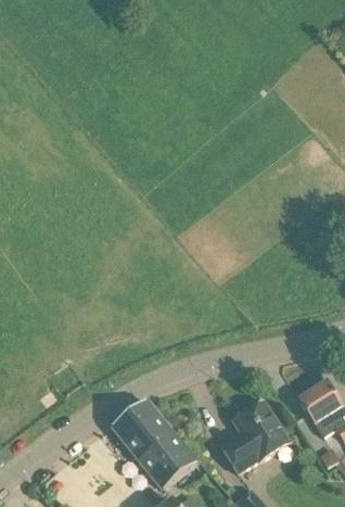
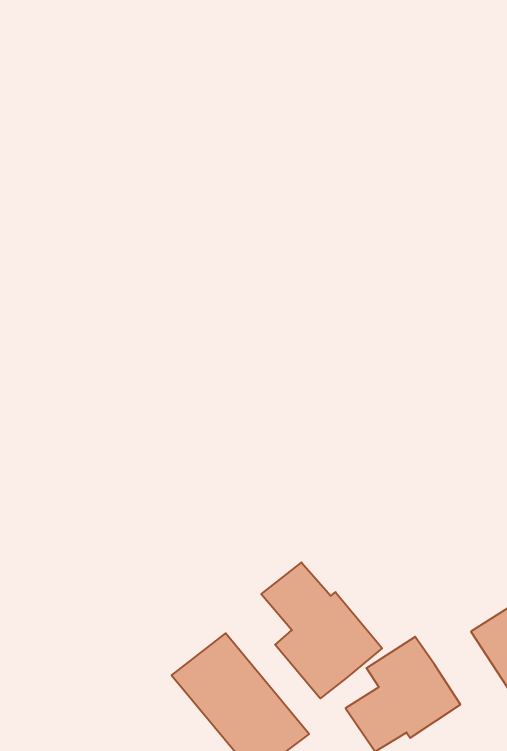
building: none -> [261,562,382,698]

